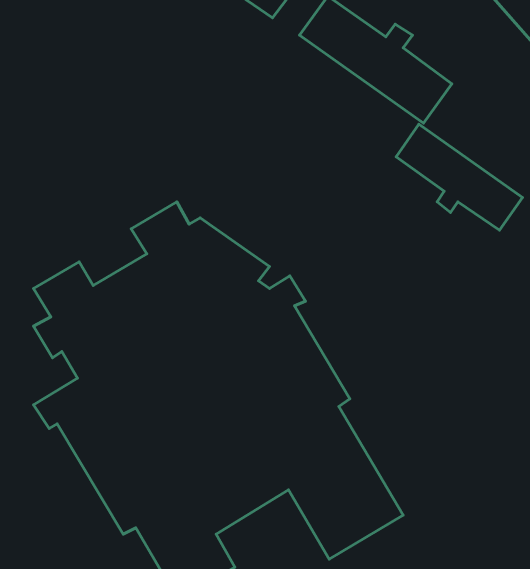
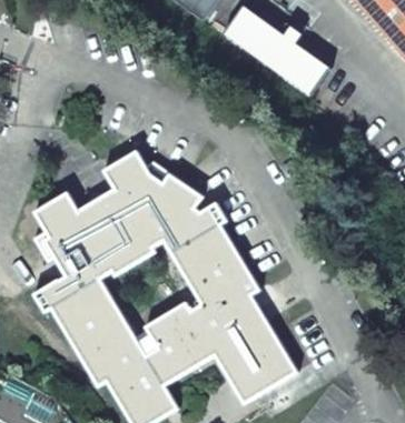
building: [396,124,522,230] -> none

